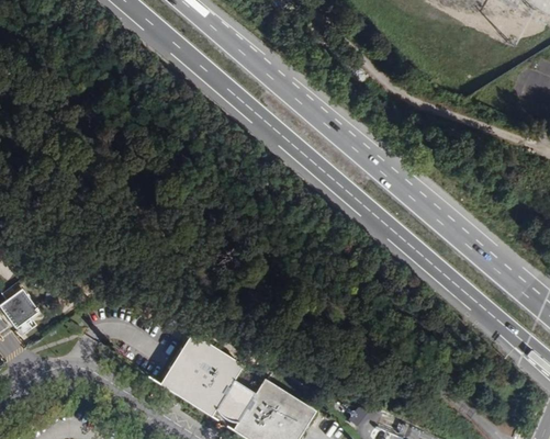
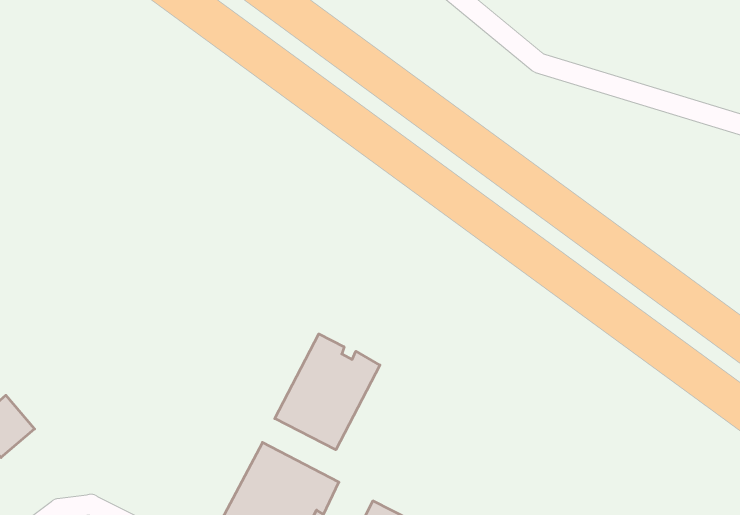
building: none -> [275,334,380,450]

